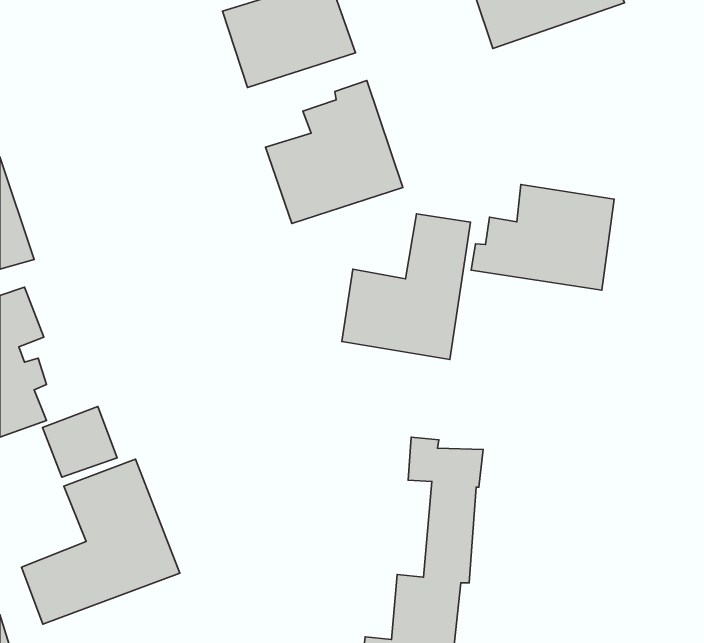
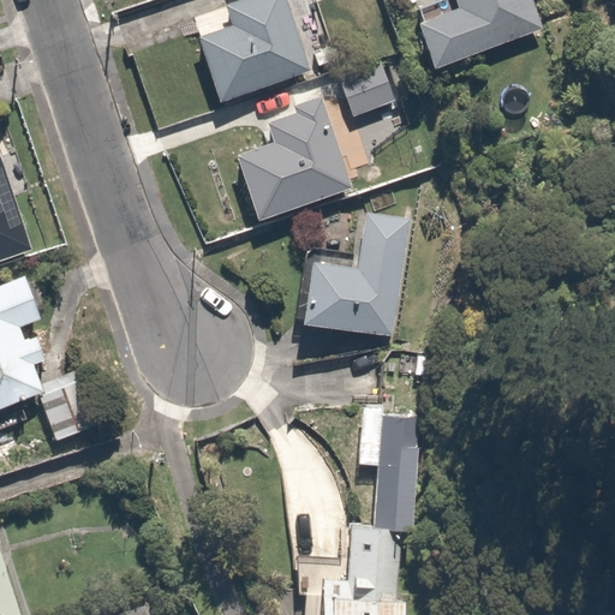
building: none -> [338,61,398,117]
building: [471,184,614,290] -> none
building: [21,459,180,624] -> none

